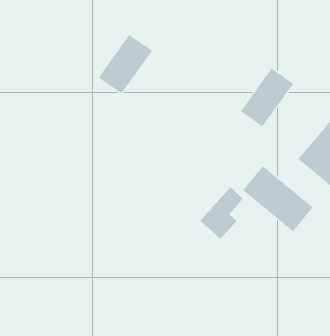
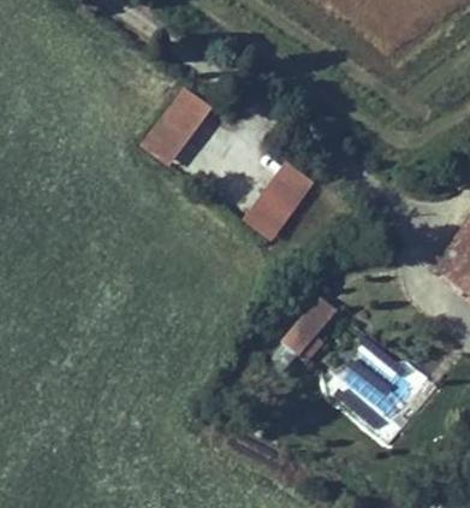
building: [240,68,294,127] -> [249,158,322,238]
building: [242,165,314,232] -> none

